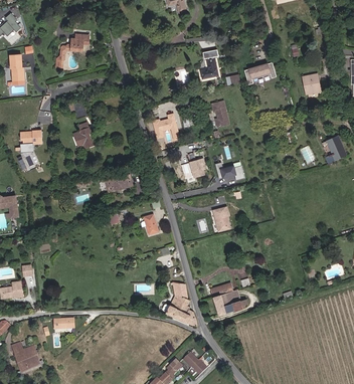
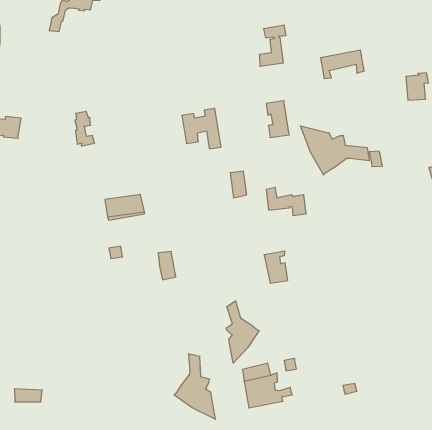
building: none -> [300,126,369,175]
building: none -> [226,301,259,363]

